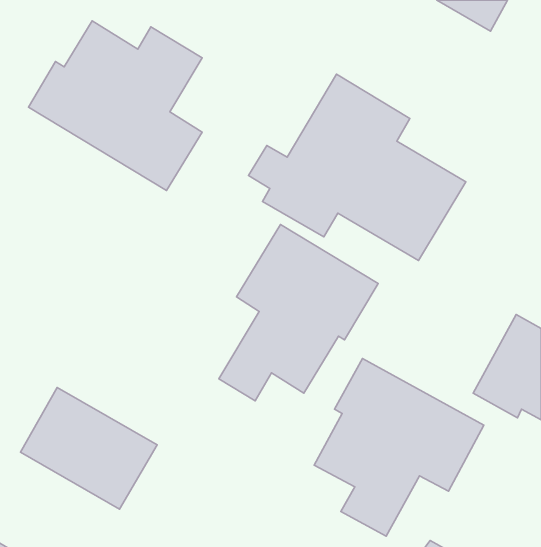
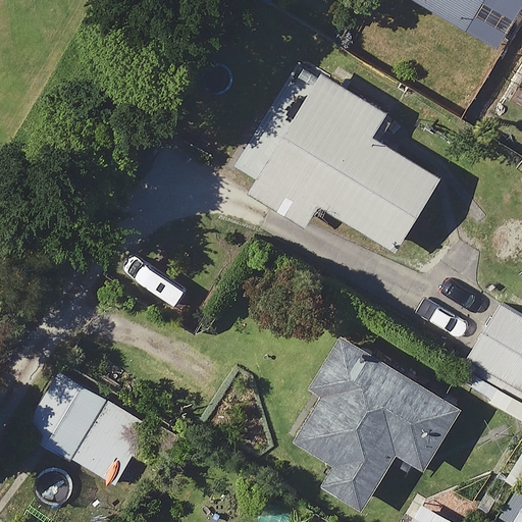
building: [28,21,202,190] -> none
building: [219,225,378,401] -> none

